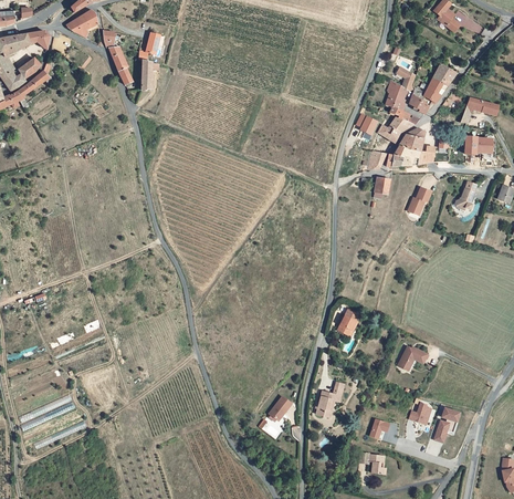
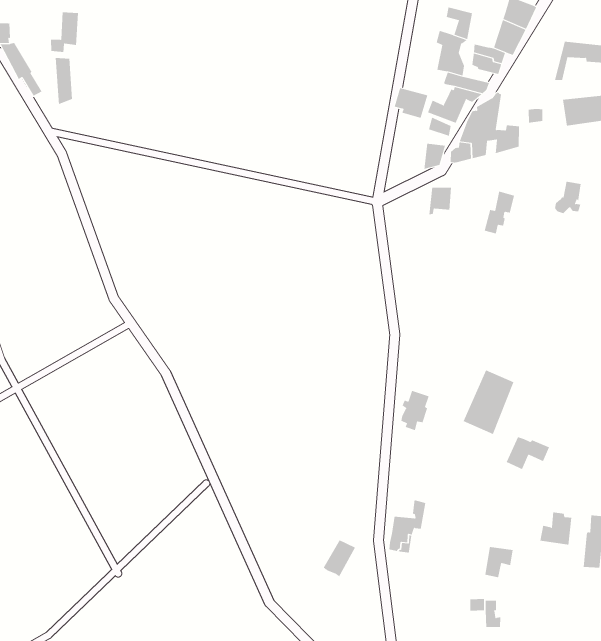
building: none -> [463,369,514,435]

